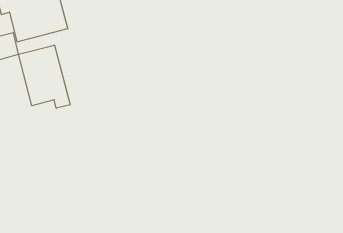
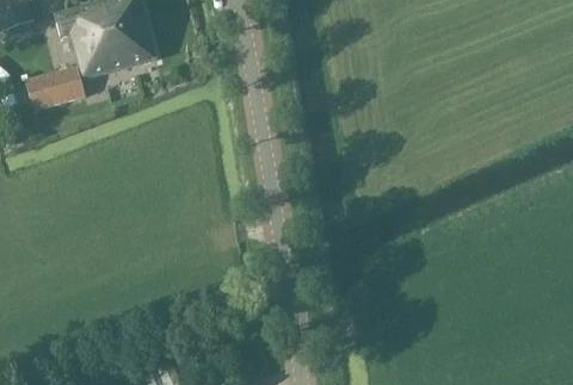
building: [19,45,70,108] -> none

